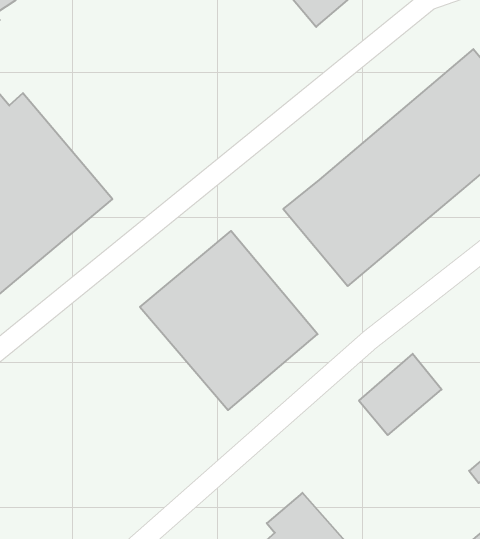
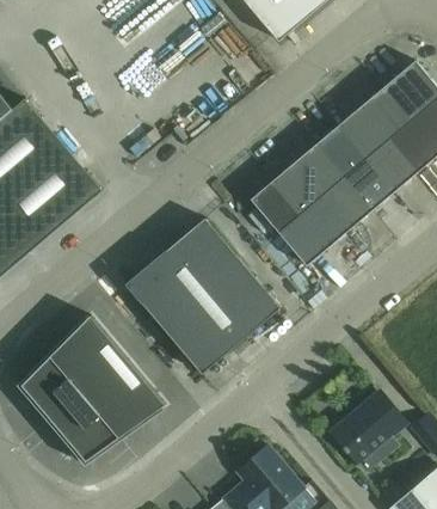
building: none -> [17,314,165,465]
building: [359,354,442,435] -> [332,391,404,461]

